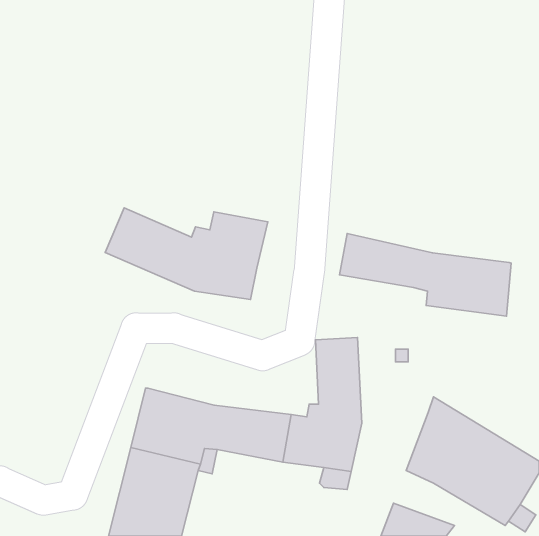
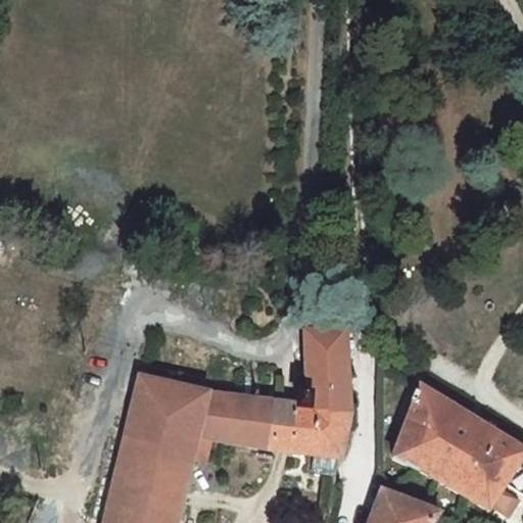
building: [105,208,268,299] -> none
building: [339,234,511,316] -> none

